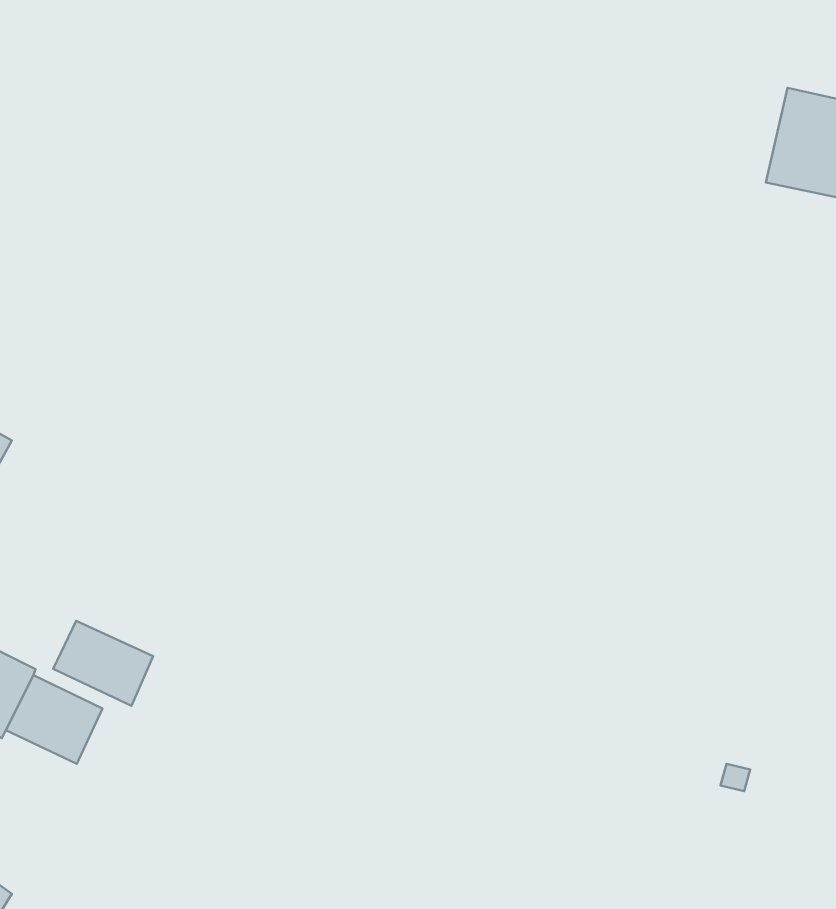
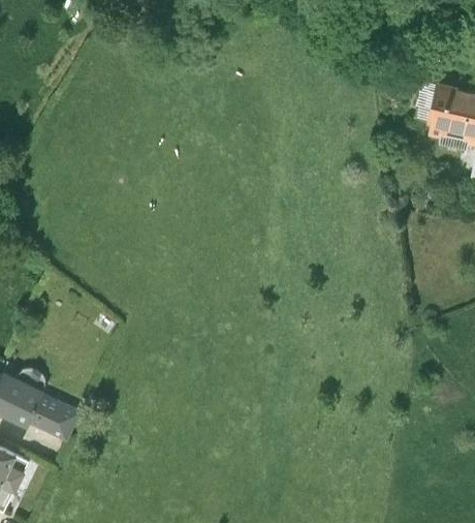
building: [53,621,153,706] -> none

